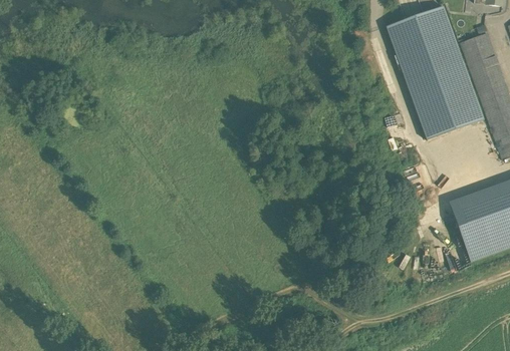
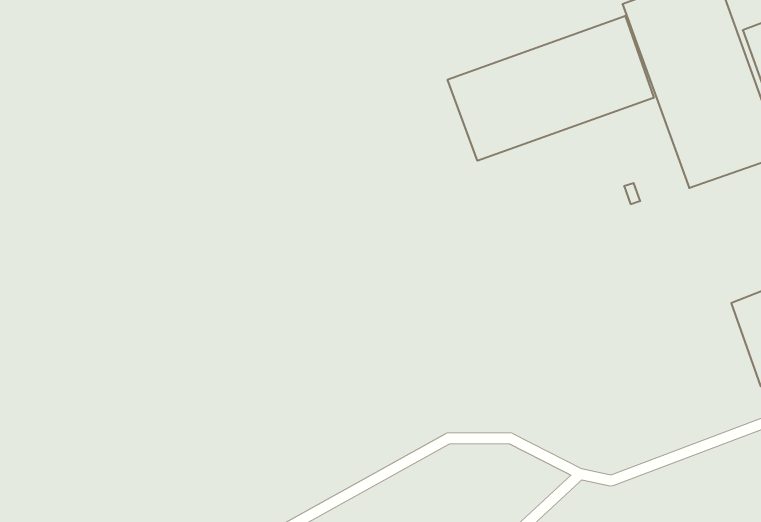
building: none -> [448,16,654,161]

